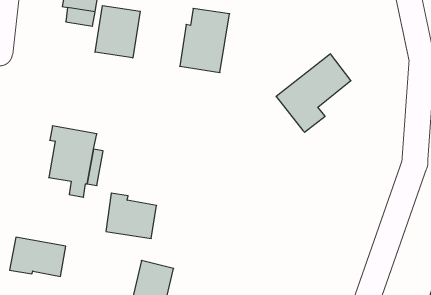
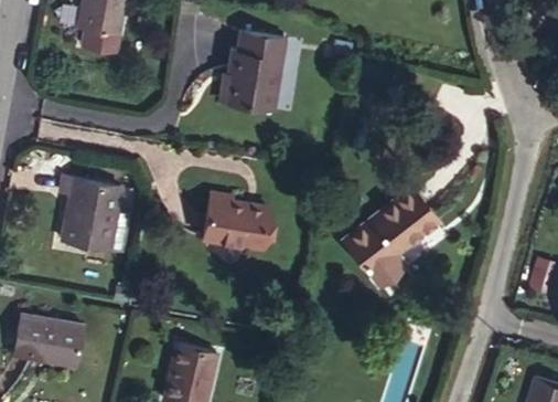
building: [95,6,140,58] -> none
building: [276,54,351,132] -> [344,189,437,286]
building: [106,193,157,238] -> [204,193,267,250]

